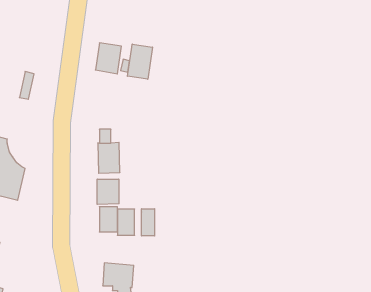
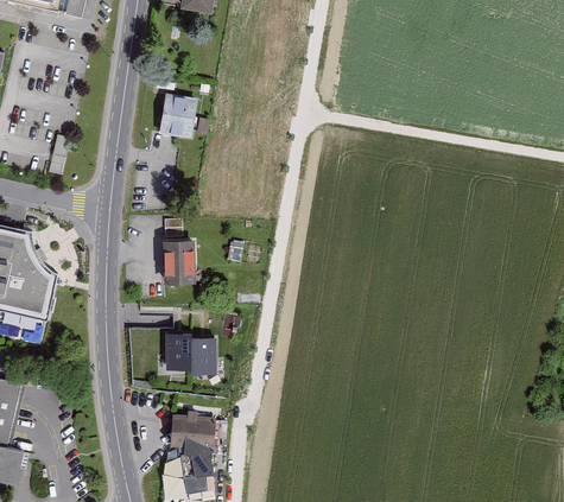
building: [127,44,152,79] -> none
building: [97,179,119,204] -> none
building: [142,209,155,236] -> none

